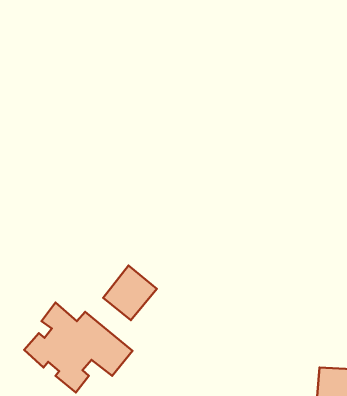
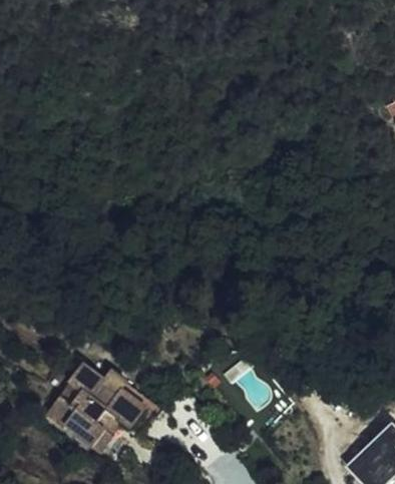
building: [103,266,157,320] -> none

